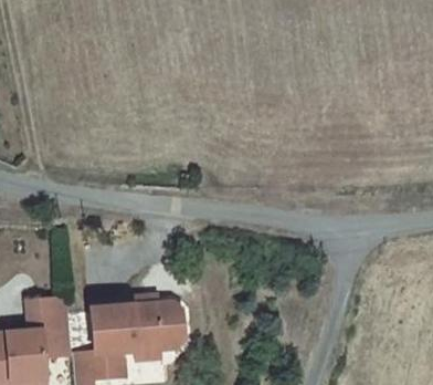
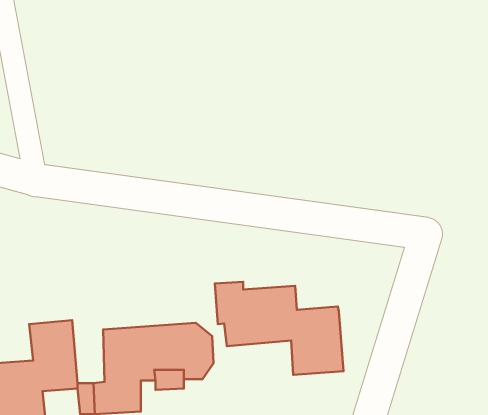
building: none -> [215,282,344,375]

